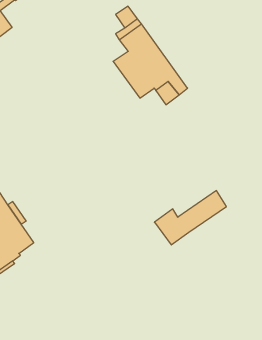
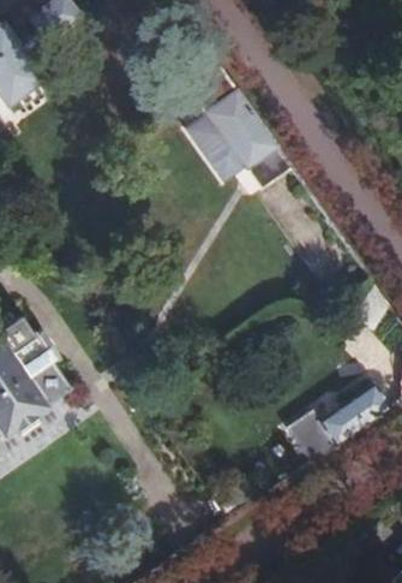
building: [154,191,226,245] -> [286,383,389,462]

